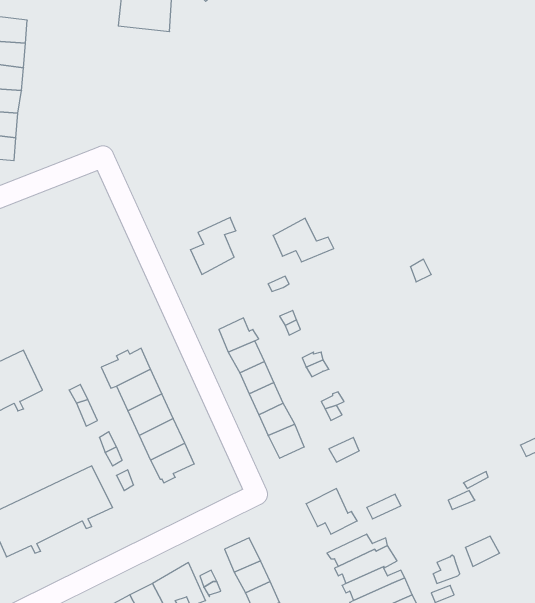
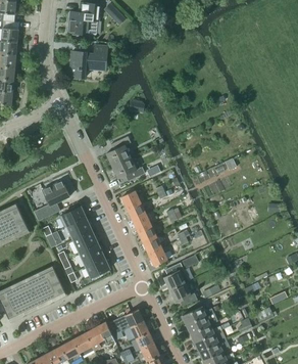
building: none -> [70,46,107,79]
building: [273,218,334,262] -> [112,157,145,181]
building: none -> [33,181,69,222]
building: none -> [163,263,188,290]

